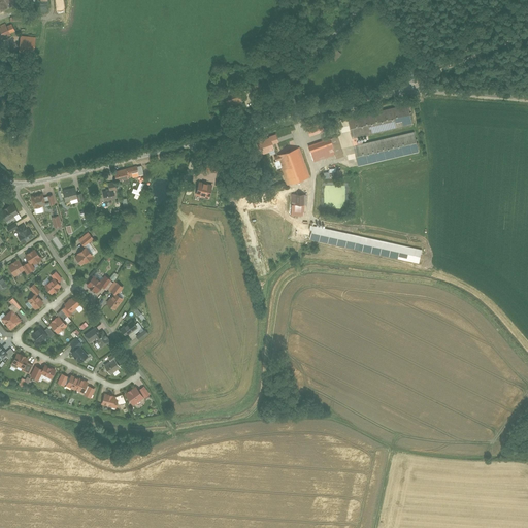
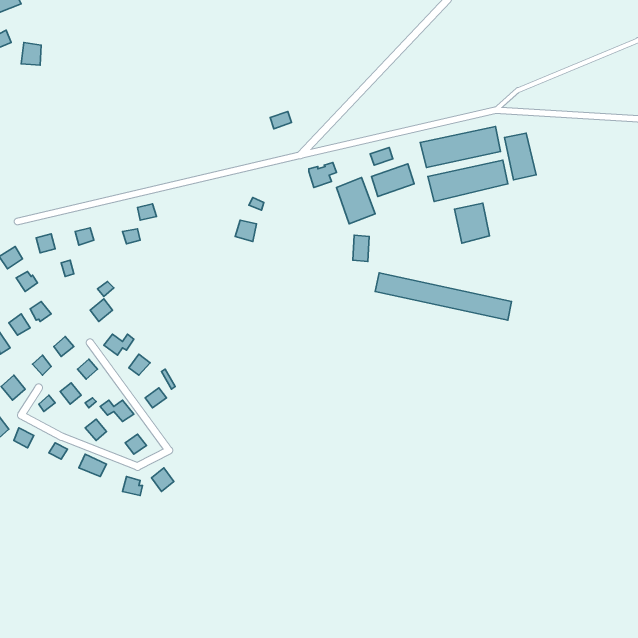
building: none -> [504,133,536,180]
building: none -> [454,203,490,243]

